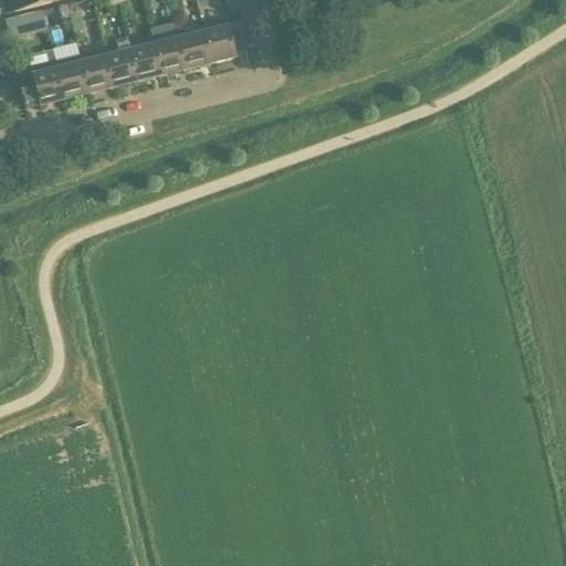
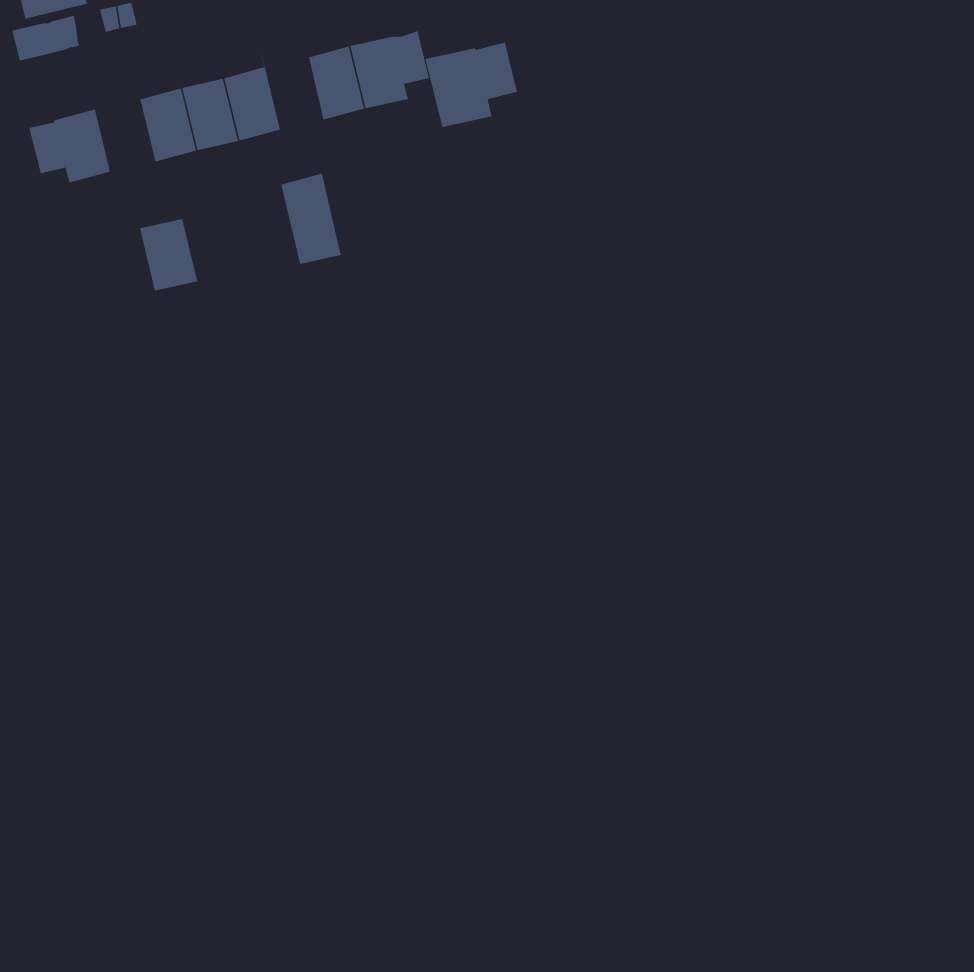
building: [153,22,188,75] -> [281,173,342,265]
building: none -> [425,42,517,128]
building: [56,57,91,99] -> [139,218,198,291]

